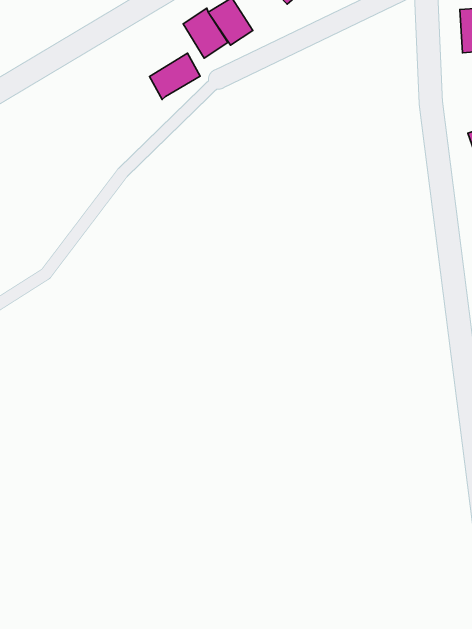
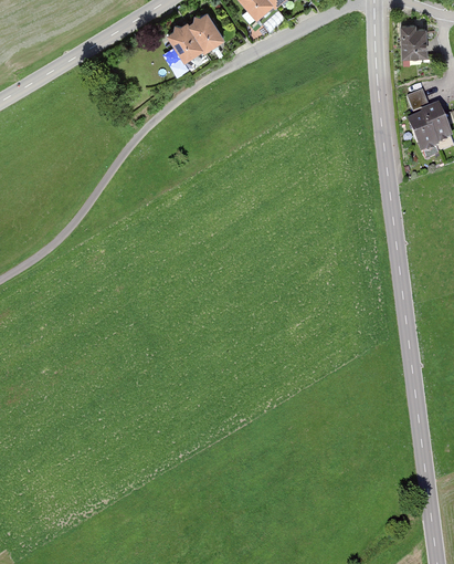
building: [150,53,200,99] -> none

